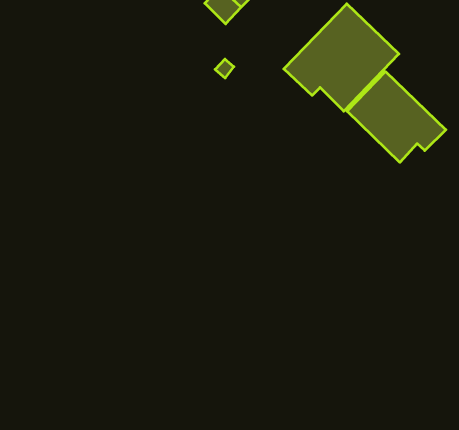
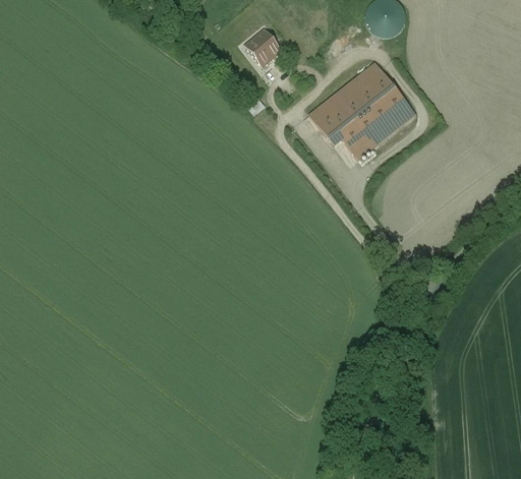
building: [347,72,446,162] -> none

